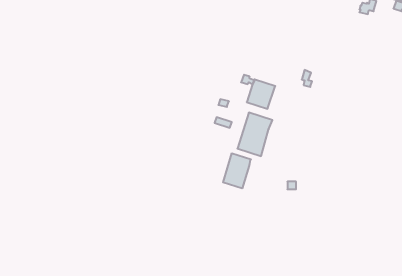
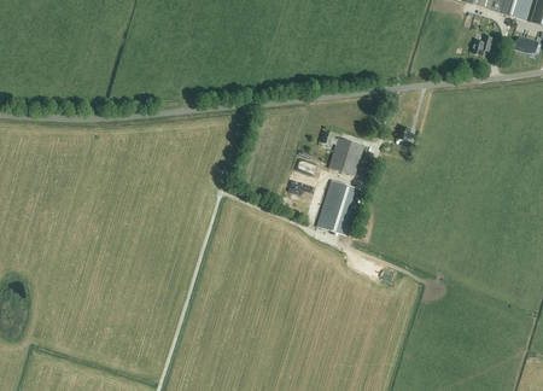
building: [223,153,251,188] -> none

